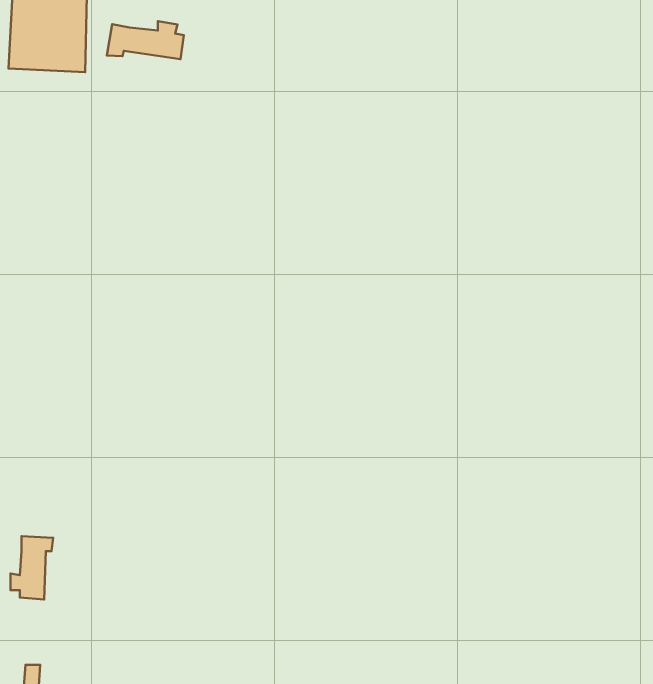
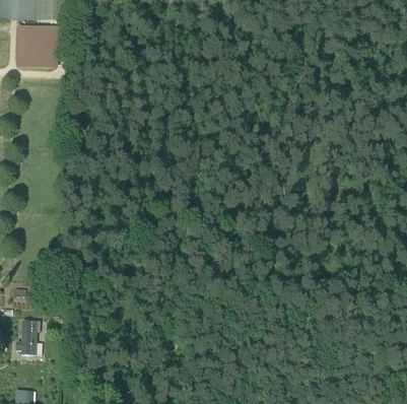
building: [107,21,184,59] -> none

